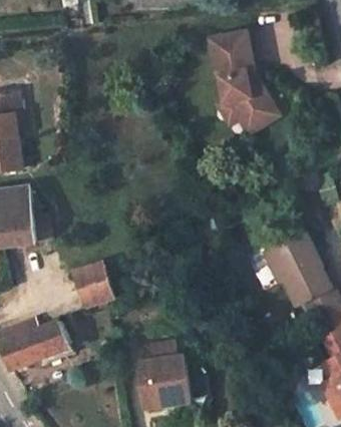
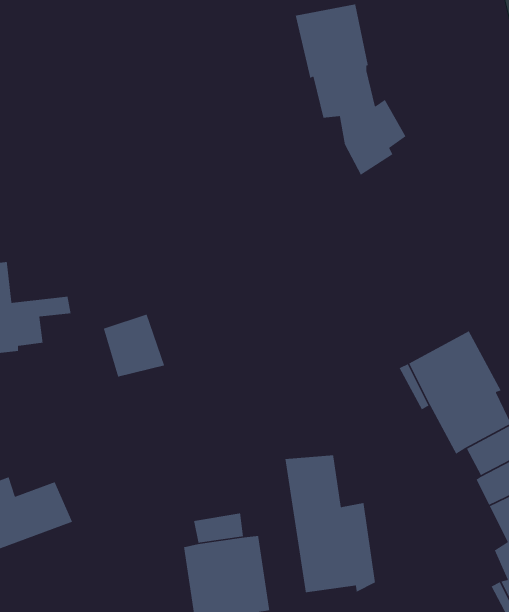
building: [75,265,113,304] -> [103,313,165,377]
building: none -> [285,454,376,593]

